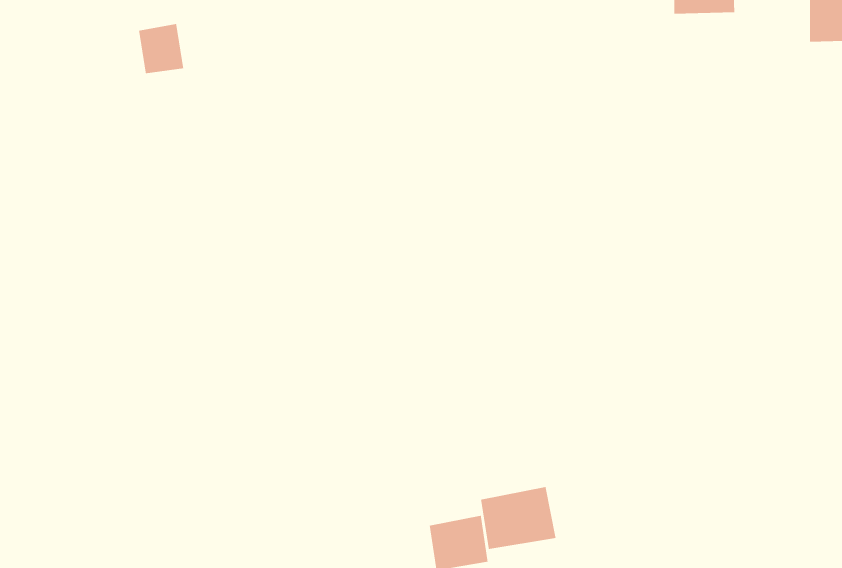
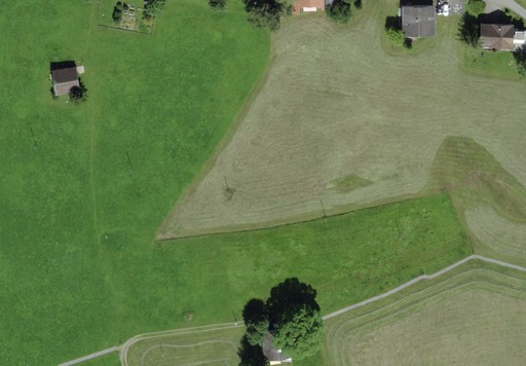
building: [138,23,184,74] -> [53,66,80,96]
building: [480,486,557,550] -> none

